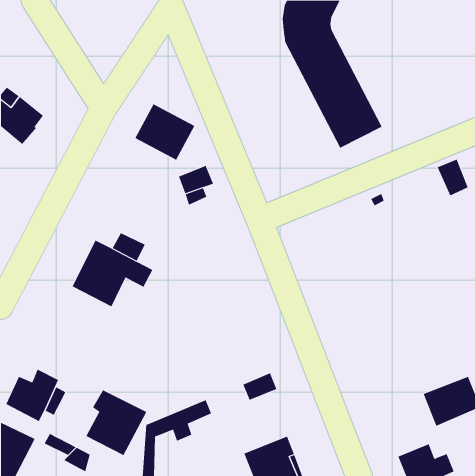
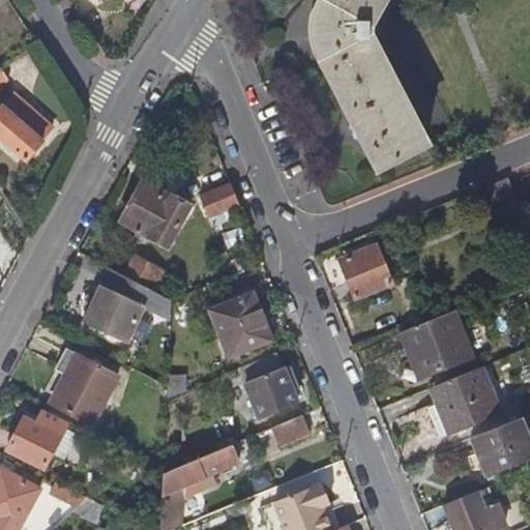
building: [135,104,195,160] -> [121,184,188,247]
building: none -> [340,247,391,299]
building: none -> [211,291,274,355]
building: none -> [402,312,473,377]
building: none -> [241,352,297,420]
building: none -> [426,367,500,437]
building: [86,389,147,456] -> [51,350,119,423]

